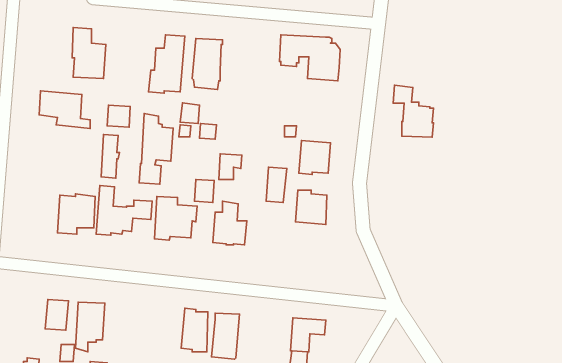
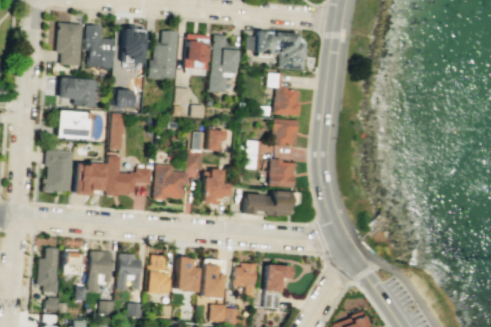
building: none -> [57,22,84,66]
building: none -> [122,25,147,63]
building: [393,85,433,137] -> [268,72,301,115]
building: [139,114,173,184] -> [210,34,238,92]
building: none -> [57,110,94,139]
building: none -> [44,150,73,193]
building: none -> [245,190,300,216]
building: none -> [38,248,62,292]
building: none -> [118,253,142,290]
building: none -> [147,255,170,294]
building: none -> [235,263,257,297]

